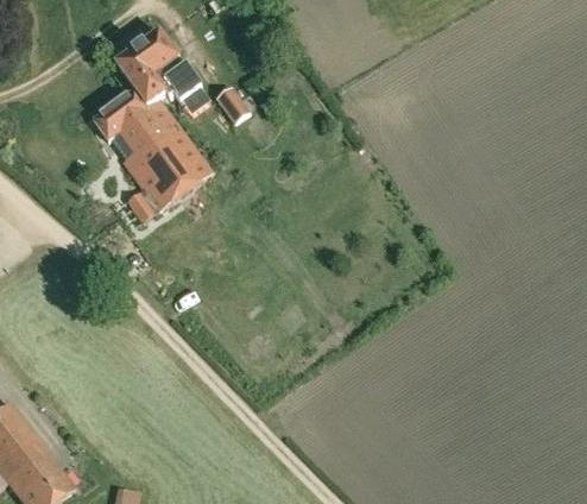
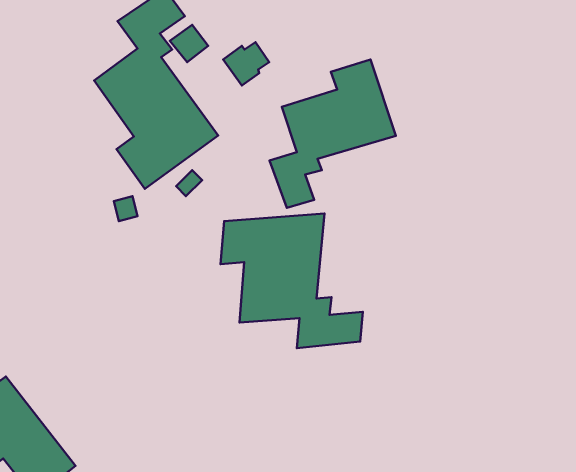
building: none -> [269,60,396,208]
building: none -> [221,213,363,348]

